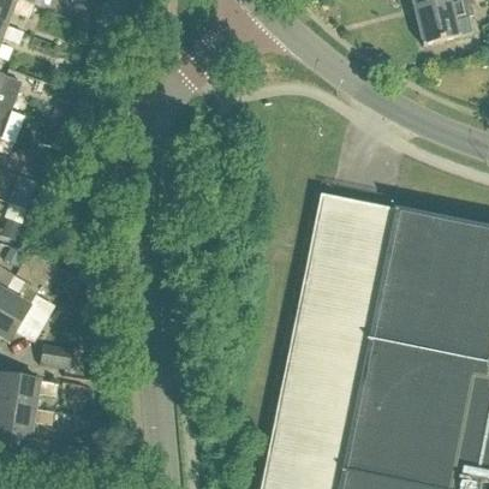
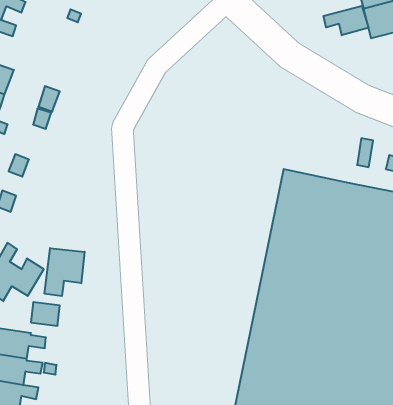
building: none -> [323,6,368,35]
building: none -> [45,248,85,296]

